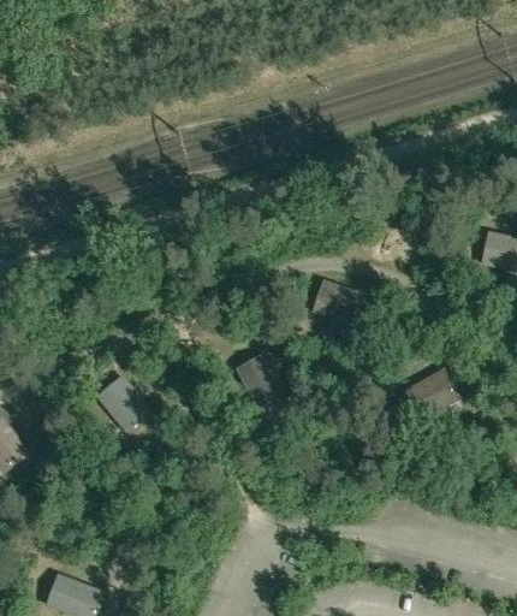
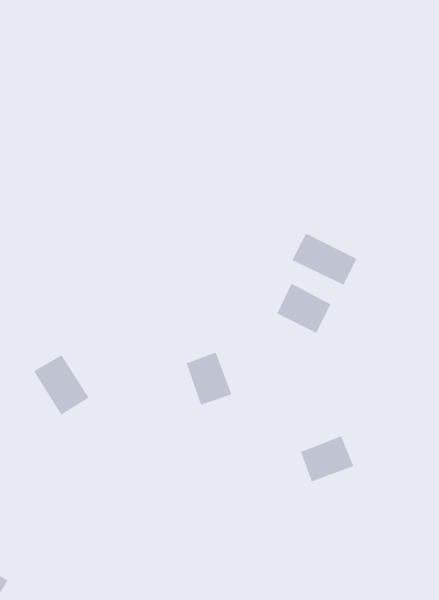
building: none -> [292,233,357,285]
building: [405,371,457,417] -> [300,436,354,482]

